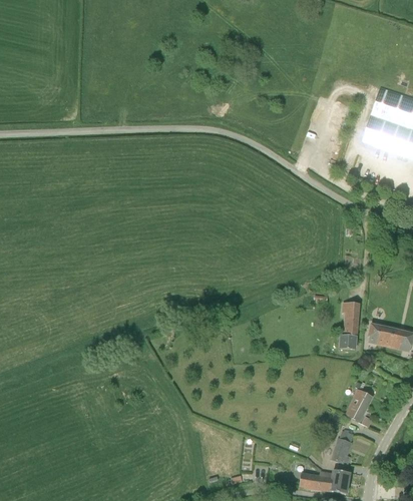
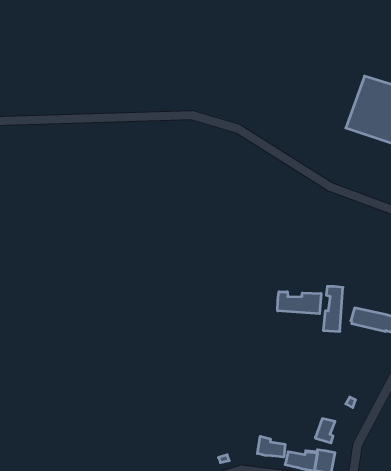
building: none -> [278,292,321,314]
building: [346,389,372,422] -> none
building: none -> [257,436,285,457]

